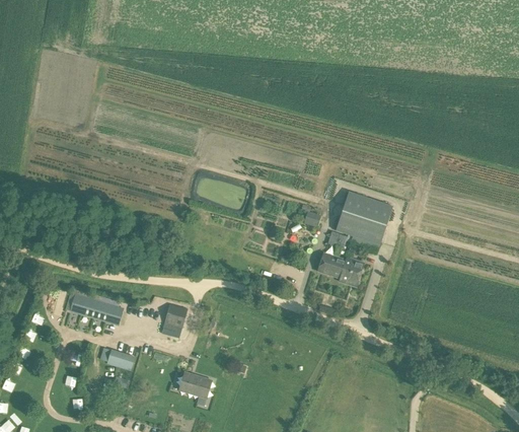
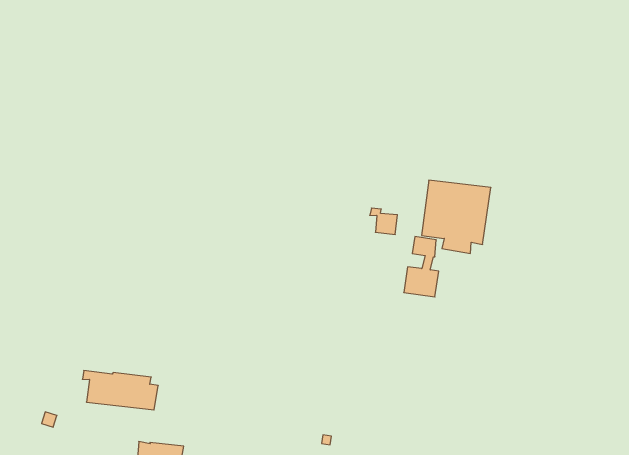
building: [338,258,363,286] -> none
building: [162,303,188,338] -> none

